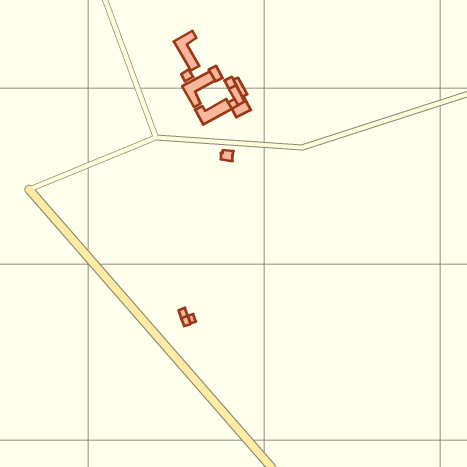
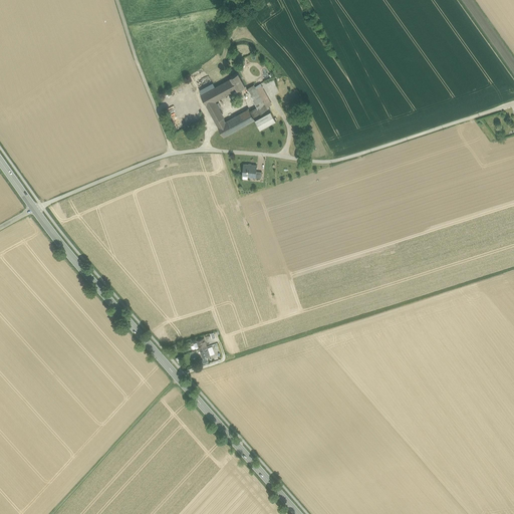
building: [174,31,199,70] -> none

